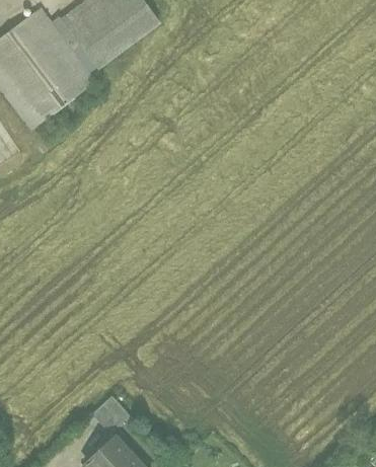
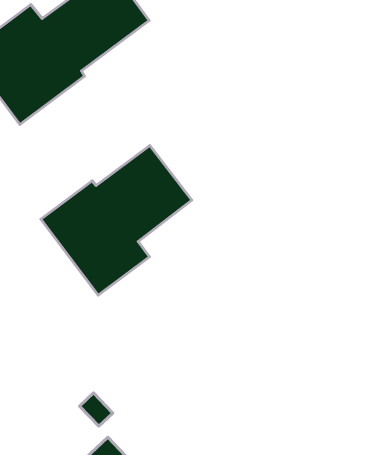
building: none -> [41,145,192,295]

